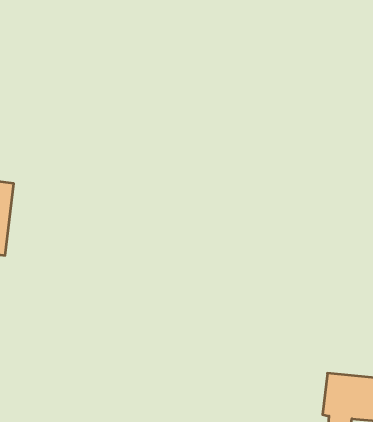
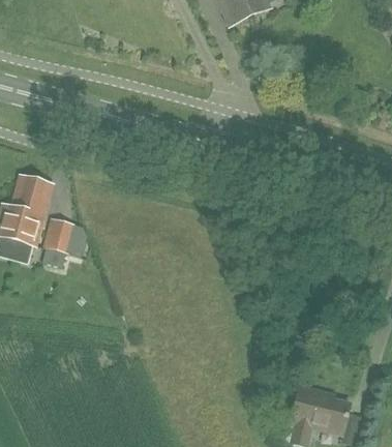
building: none -> [43,218,76,252]

